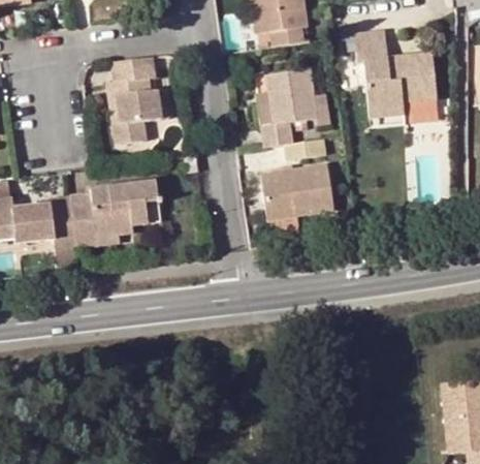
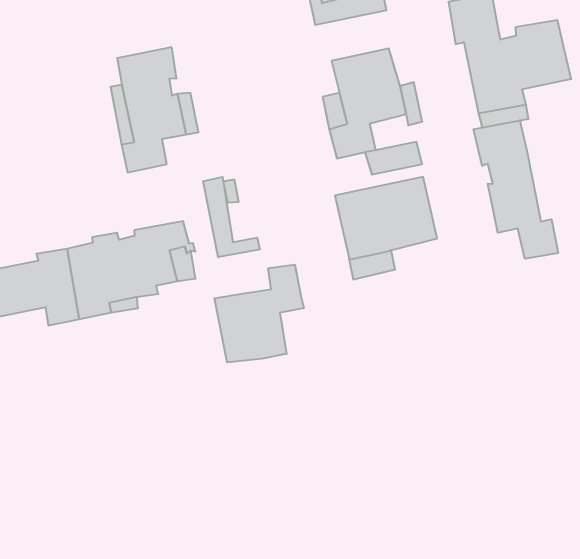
building: none -> [473,120,558,259]
building: none -> [203,177,260,257]
building: none -> [214,265,304,362]

